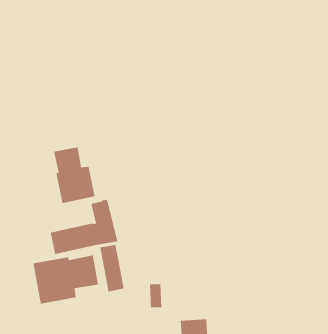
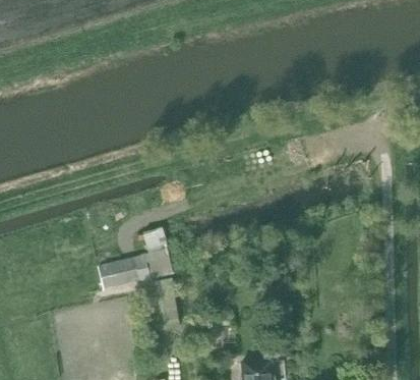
building: [53,146,95,204] -> none
building: [33,255,98,304] -> none

